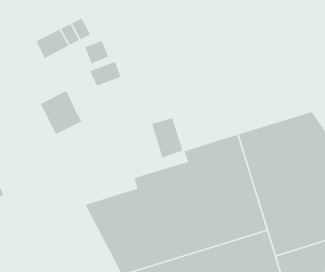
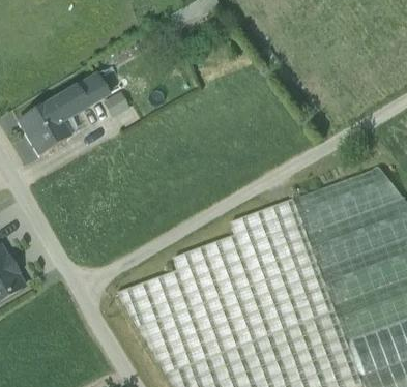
building: [89,61,121,87] -> none
building: [40,90,83,135] -> [16,100,67,154]
building: [151,117,183,159] -> none

